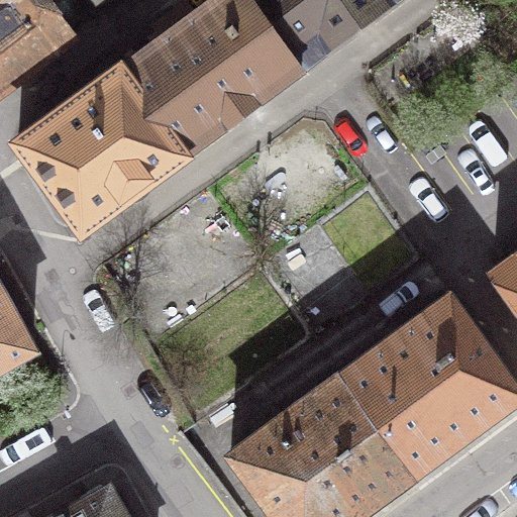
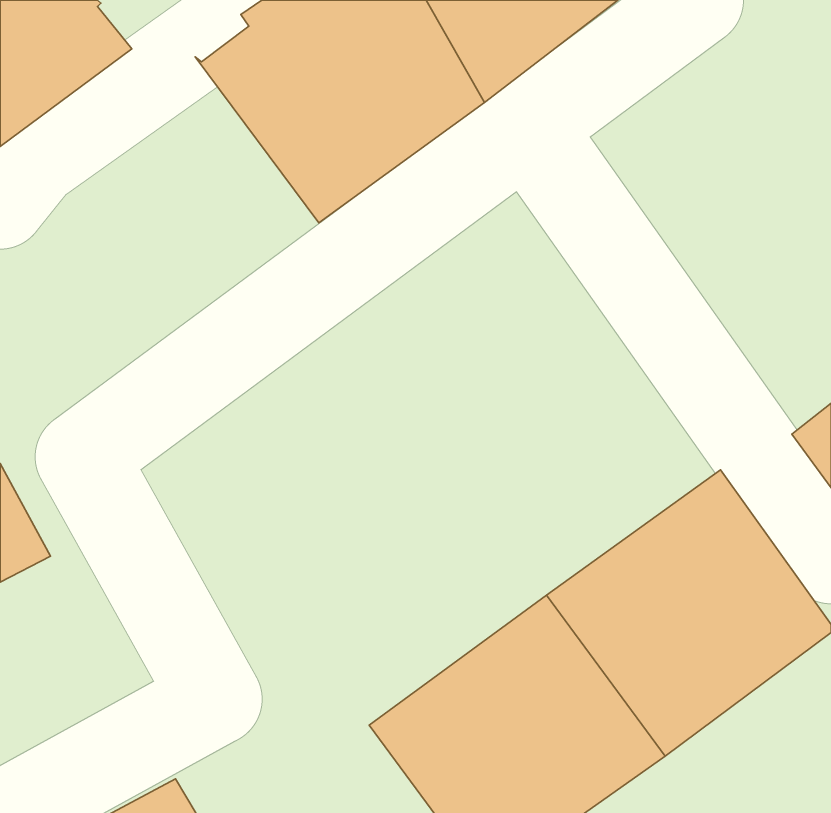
building: [9,46,198,228] -> none

